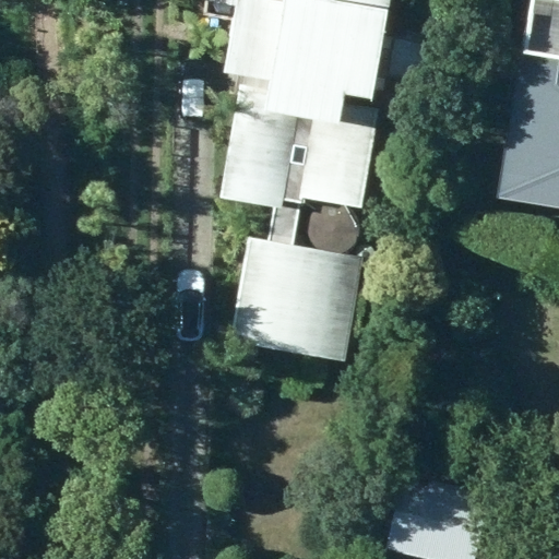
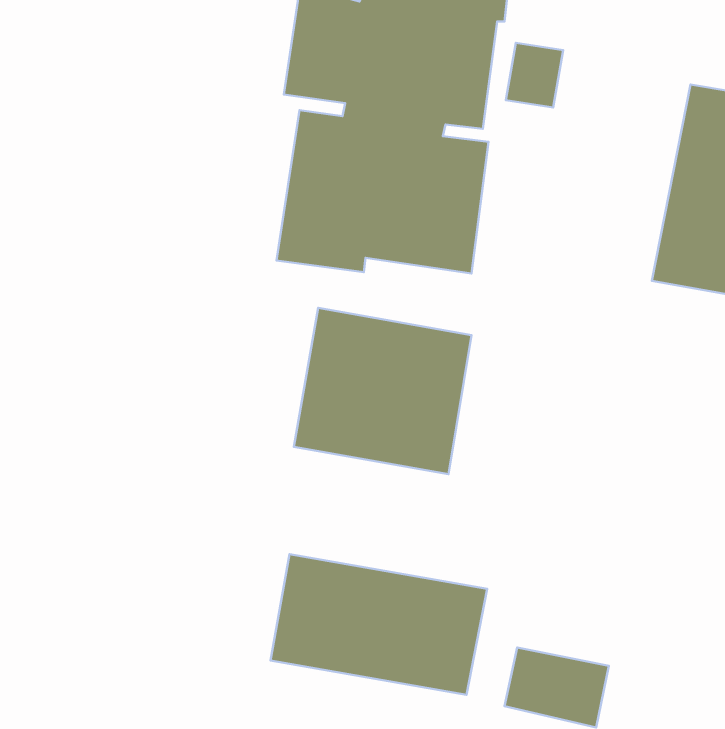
building: none -> [271,554,487,695]

